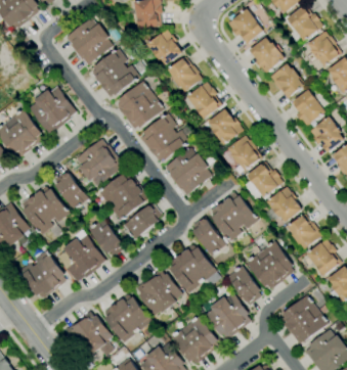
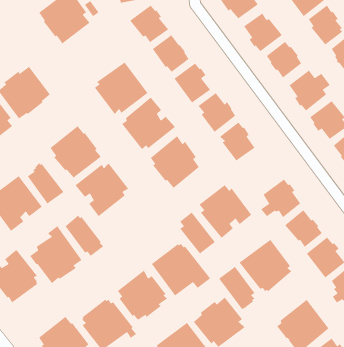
building: [90,50,140,97] -> none
building: [247,165,284,198] -> none
building: [123,204,161,240] -> none

